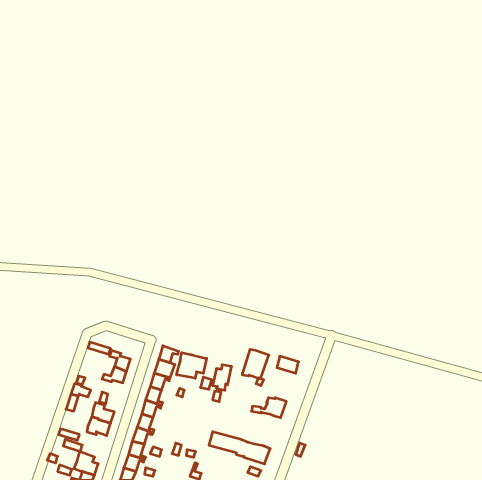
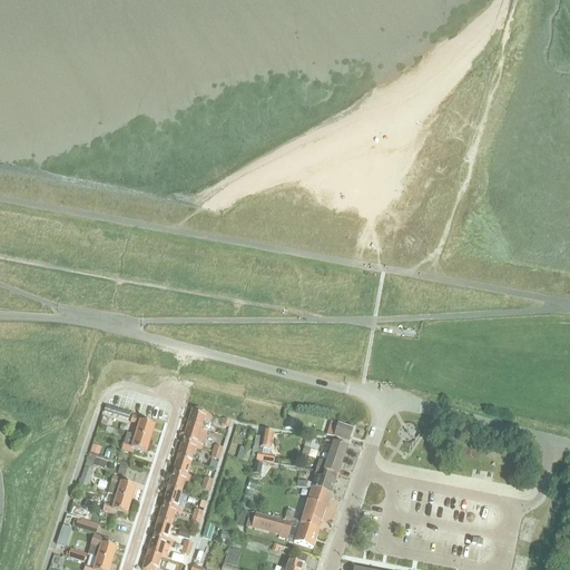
building: [242,349,269,379] -> [317,439,348,473]
building: [177,353,207,378] -> none
building: none -> [285,487,332,529]

